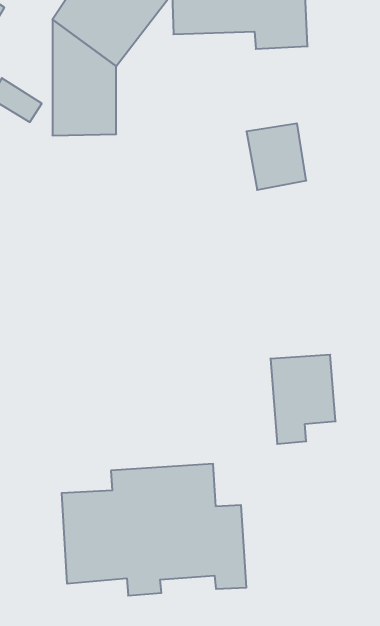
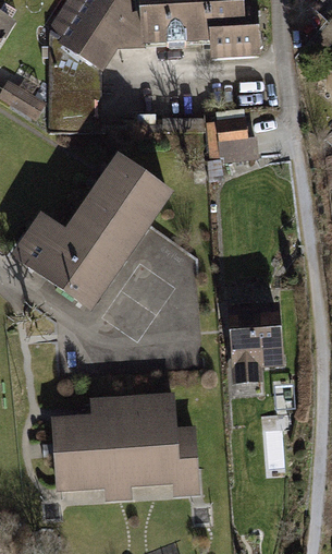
building: none -> [13,157,174,311]

